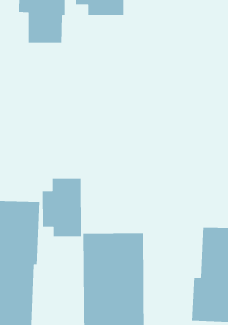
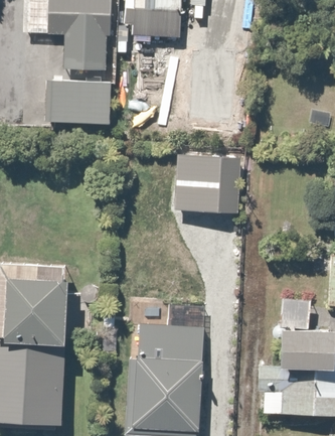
building: none -> [48,81,109,126]
building: none -> [174,155,237,212]
building: [42,178,82,237] -> none

